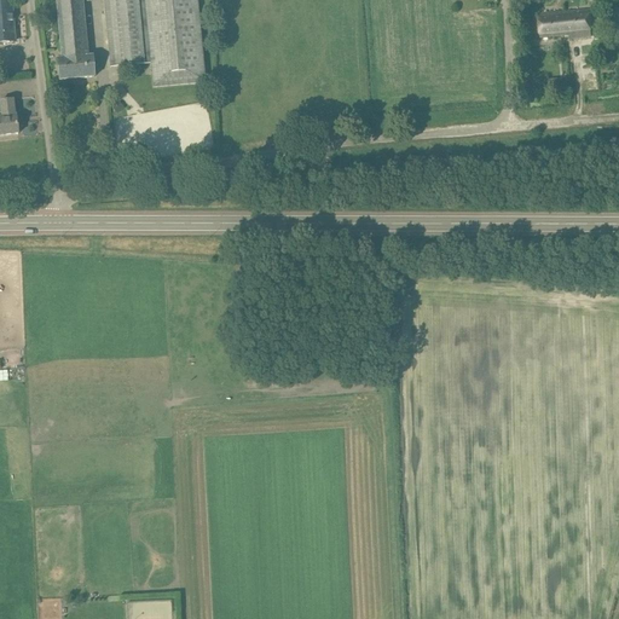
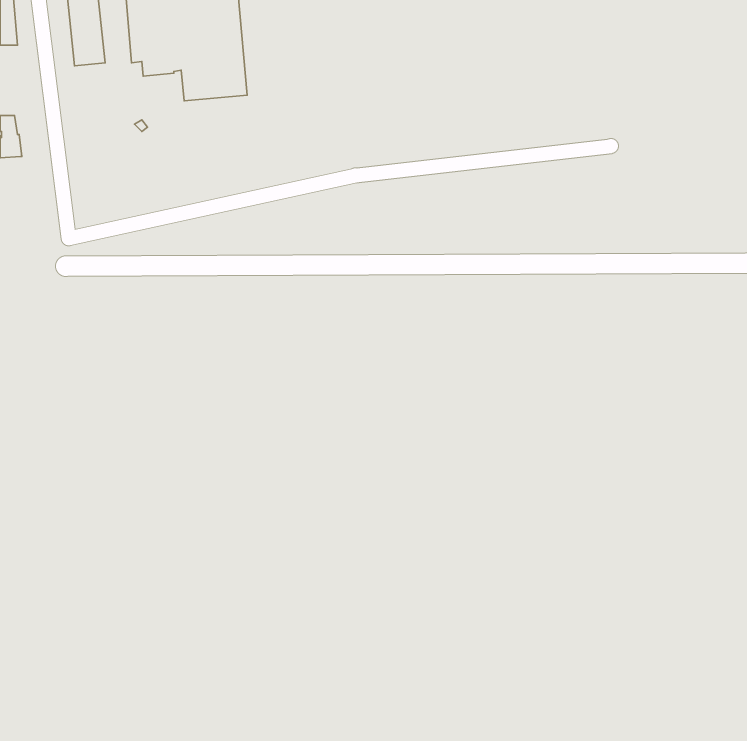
building: [538,7,591,35] -> none
building: [57,52,94,76] -> none

